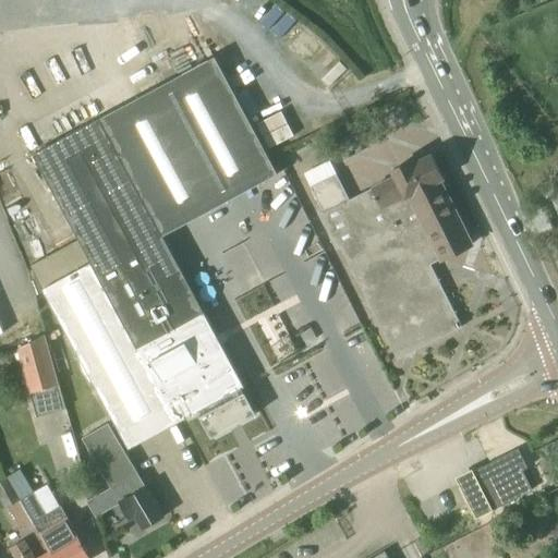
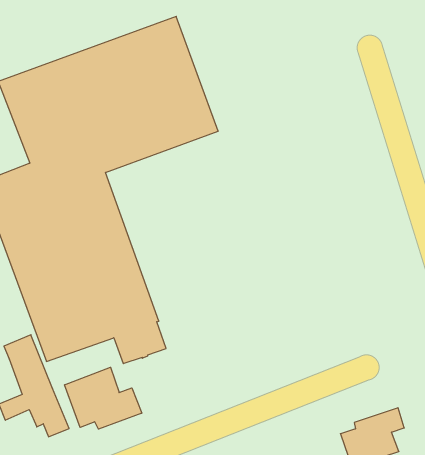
building: [310,154,472,361] -> none
building: none -> [65,367,142,429]

